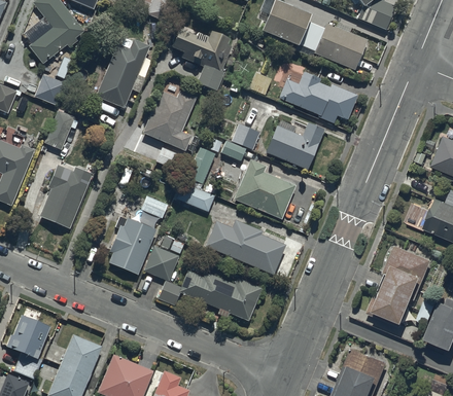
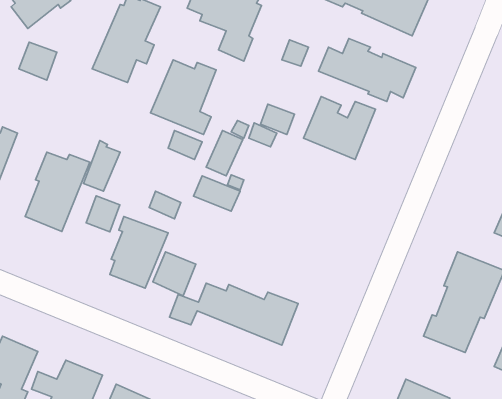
building: [45,107,75,148] -> [83,141,120,191]
building: [233,160,295,220] -> none
building: none -> [86,196,120,232]
building: [206,218,286,275] -> none

